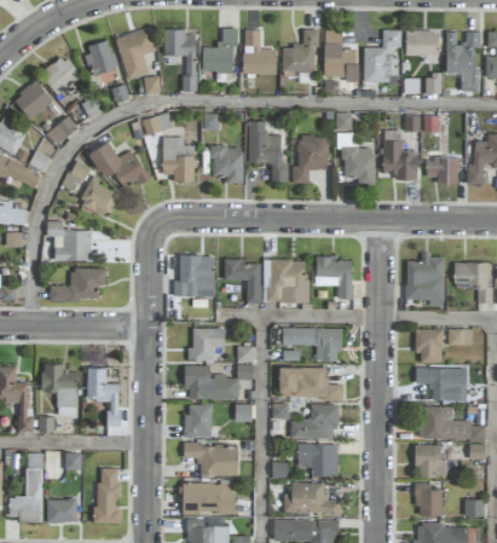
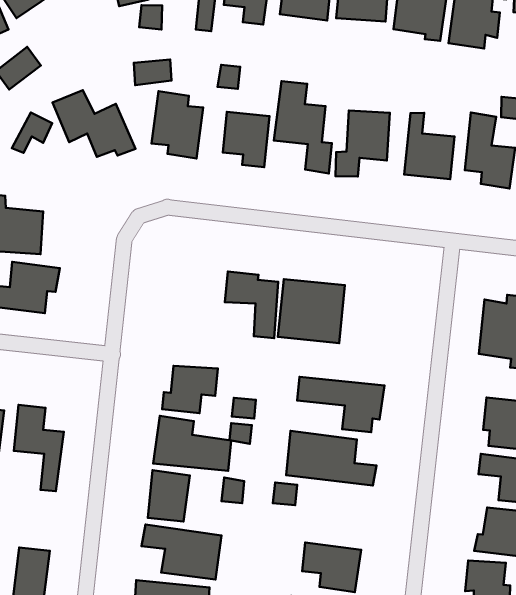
building: [77,178,120,219] -> none
building: [173,255,213,295] -> none
building: [314,256,352,299] -> none
building: [290,405,339,439] -> none

